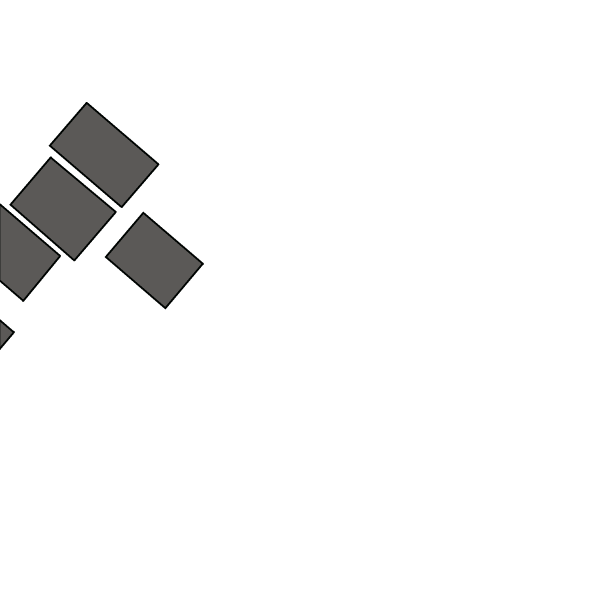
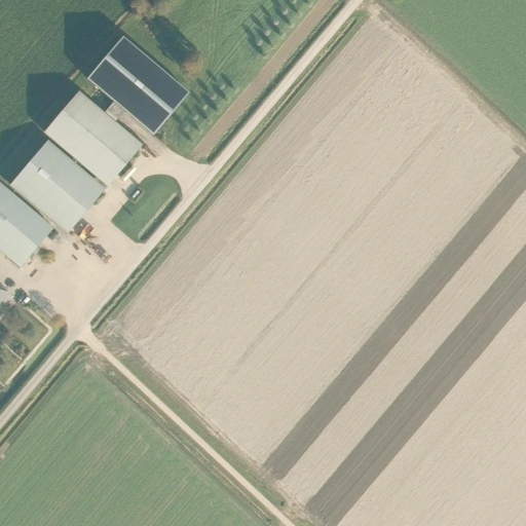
building: none -> [87,35,190,135]
building: [106,213,203,308] -> none

